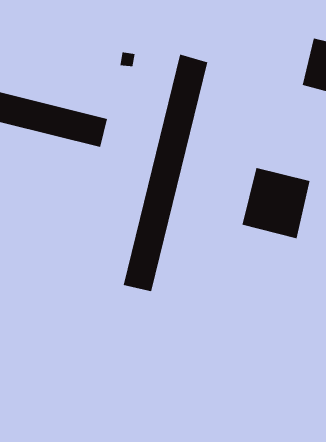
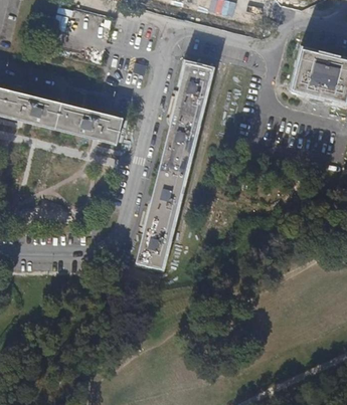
building: [242,167,310,239] -> none

